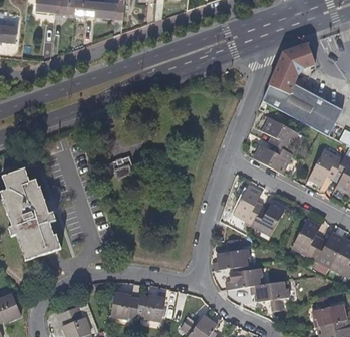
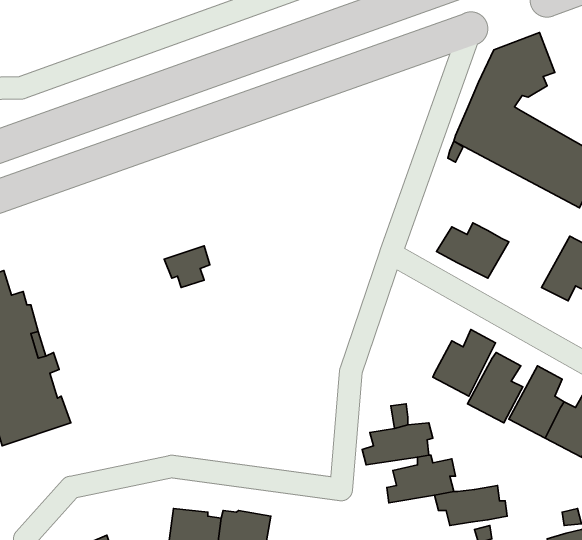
building: [263,119,297,152] -> none
building: [233,187,262,224] -> [467,353,523,423]

